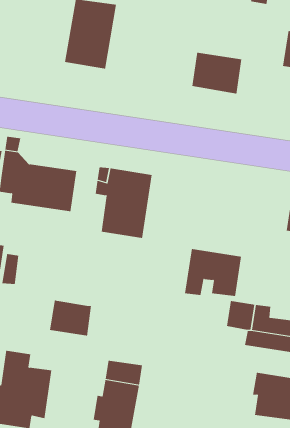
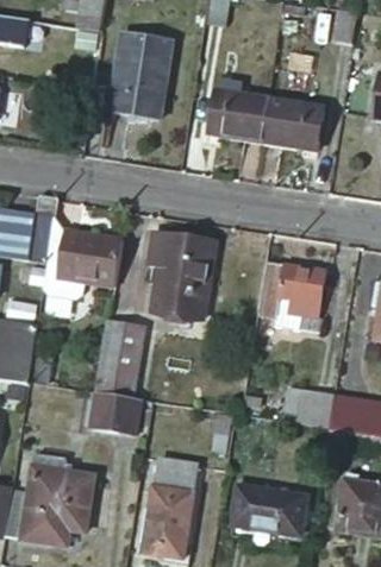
building: none -> [205,75,267,137]
building: none -> [100,322,146,398]
building: [184,249,242,296] -> [258,262,327,319]
building: none -> [232,483,305,523]

